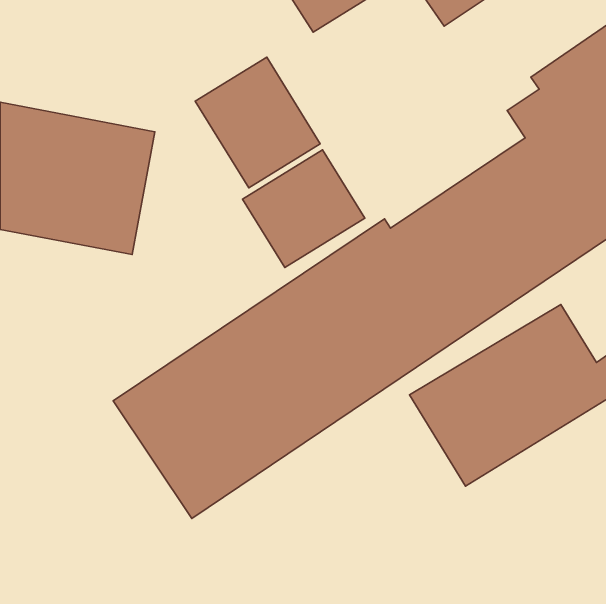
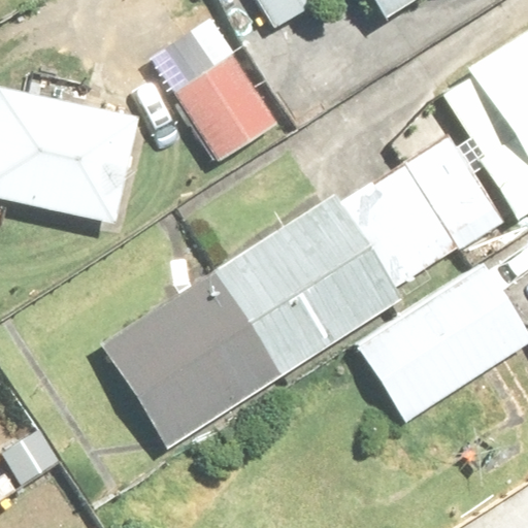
building: [242,150,365,268] -> none

